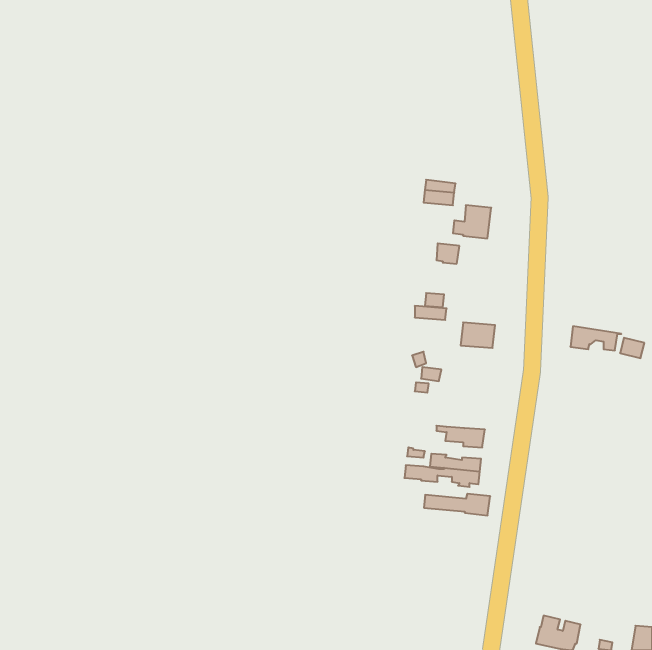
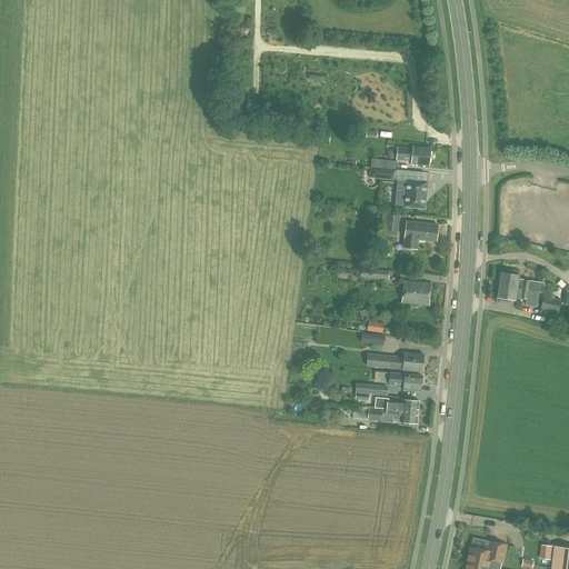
building: none -> [396,146,430,164]
building: none -> [403,221,438,248]
building: none -> [499,267,545,292]
building: [424,494,490,515] -> [367,352,425,371]

